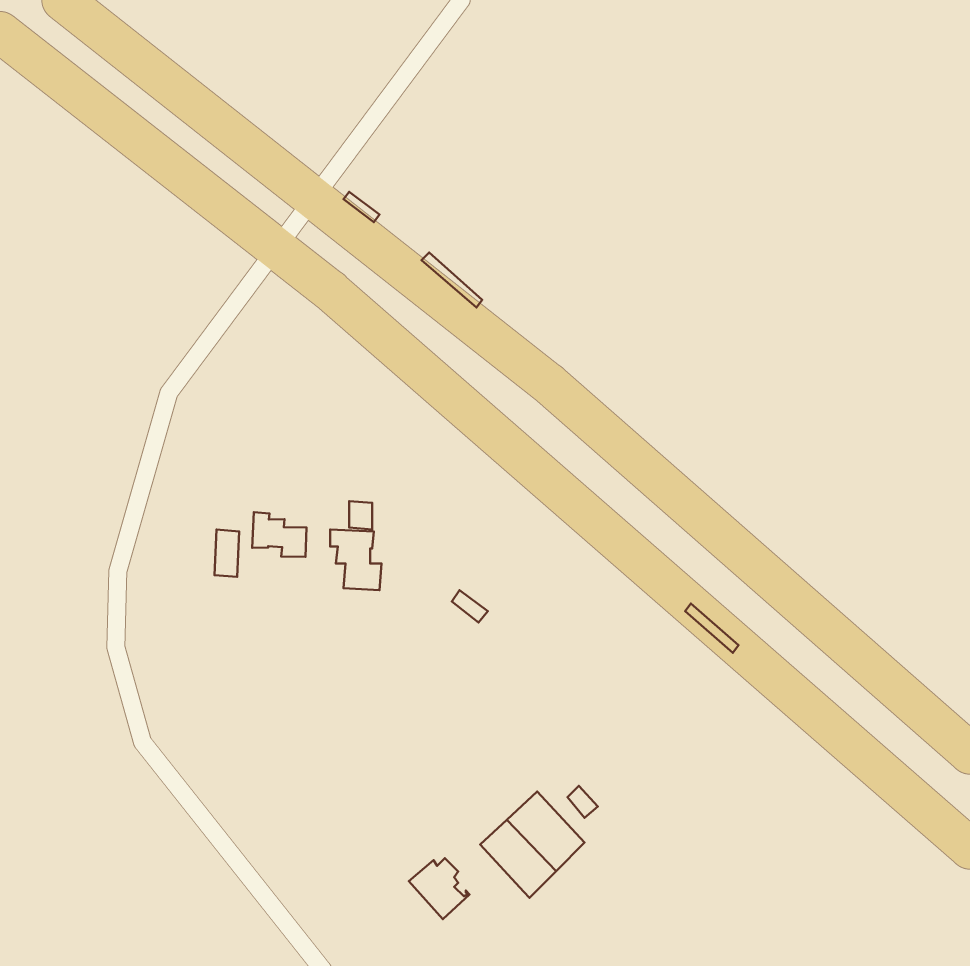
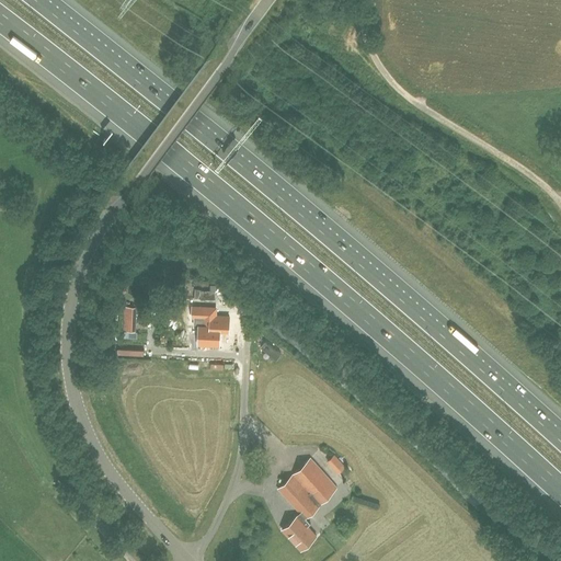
building: [252,512,307,557] -> none
building: [409,858,469,919] -> [282,517,317,552]

